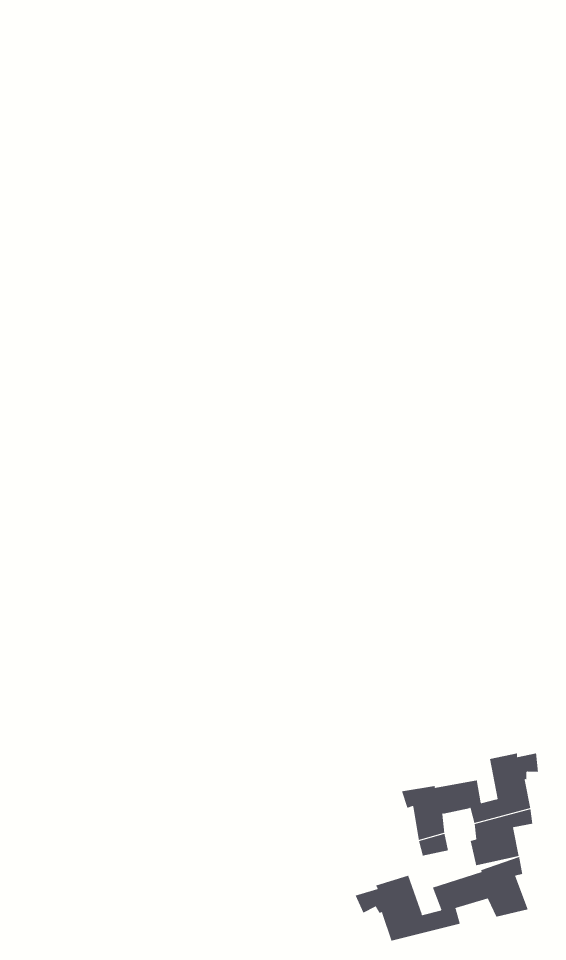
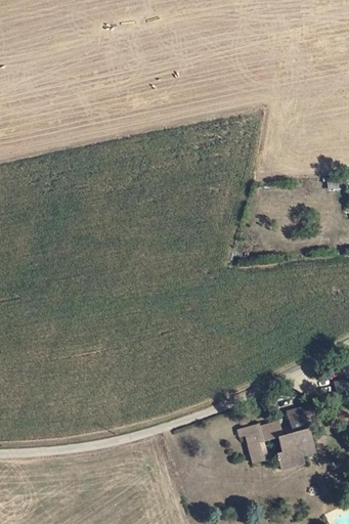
building: [355,856,529,942] -> none

